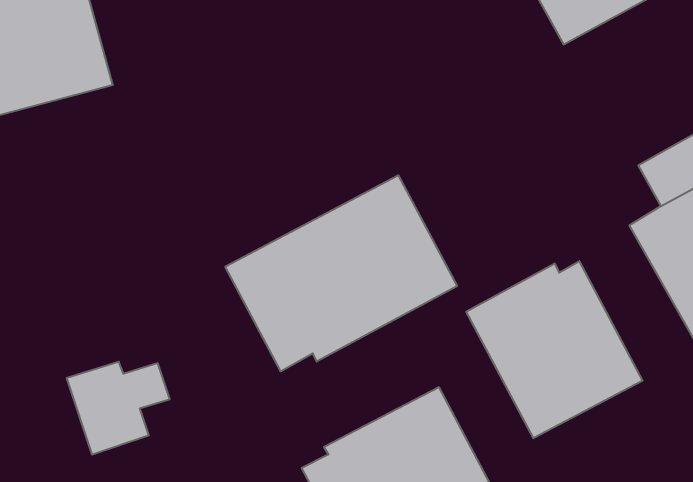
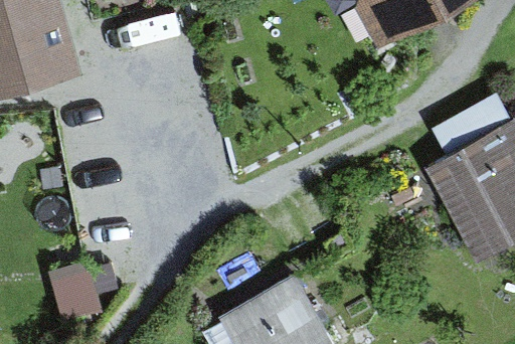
building: [225,175,457,371] -> none
building: [466,261,643,438] -> none

